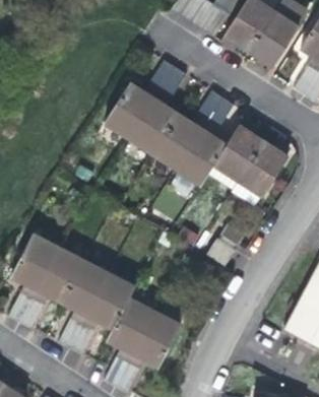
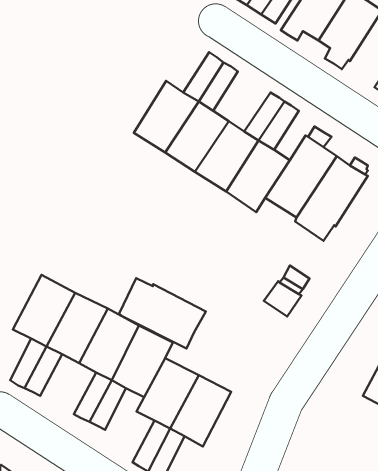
building: none -> [119,278,206,349]

